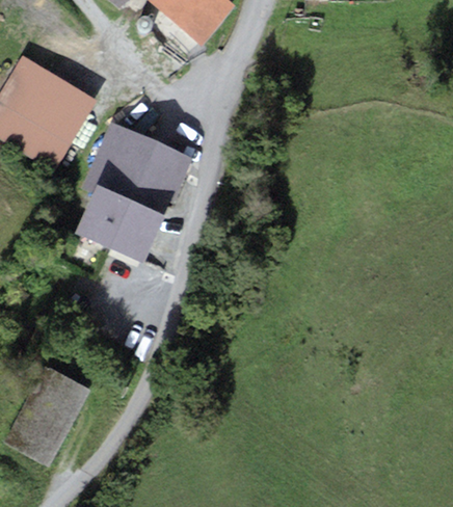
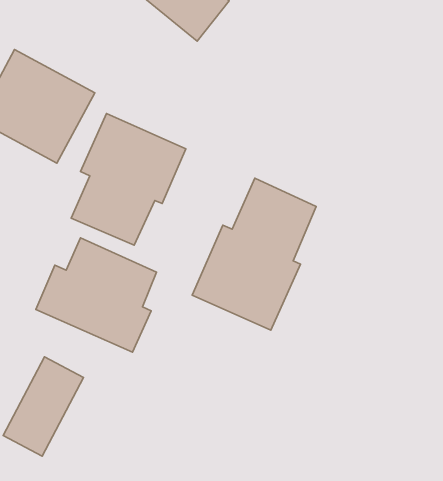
building: none -> [192,178,316,330]
building: none -> [36,238,156,352]

